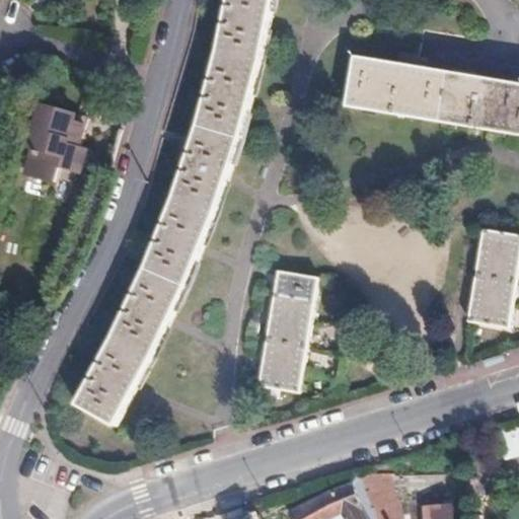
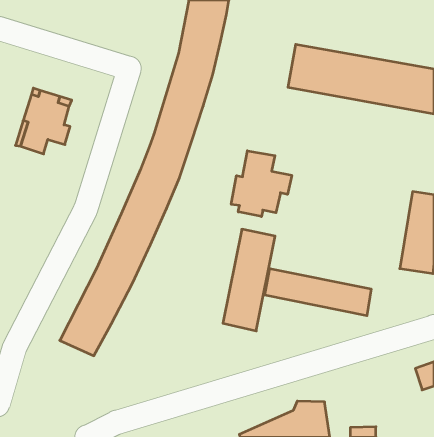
building: none -> [231,151,292,217]
building: none -> [265,269,371,316]

